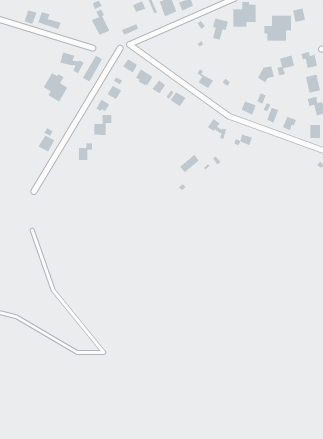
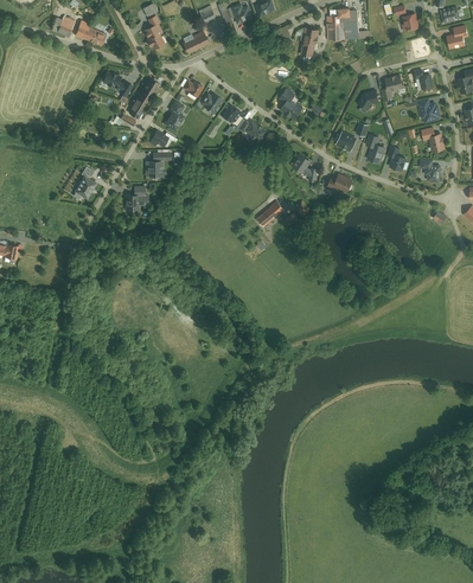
building: [264,15,291,41] -> none
building: [43,72,68,102] -> none

